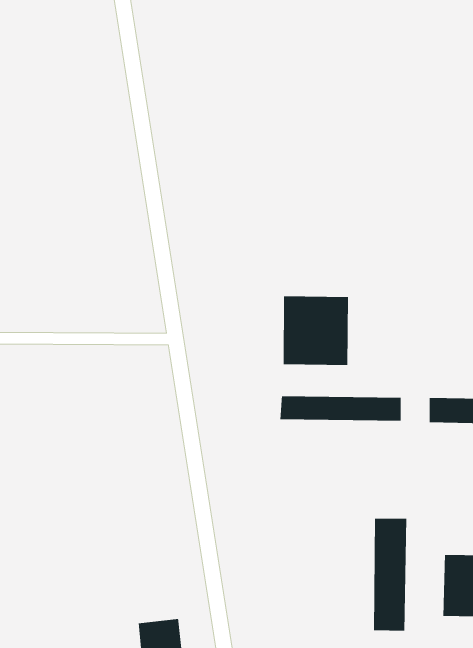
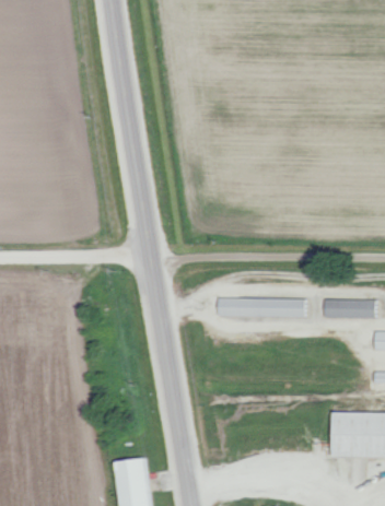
building: [283,296,349,366] -> none
building: [373,518,407,632] -> none

